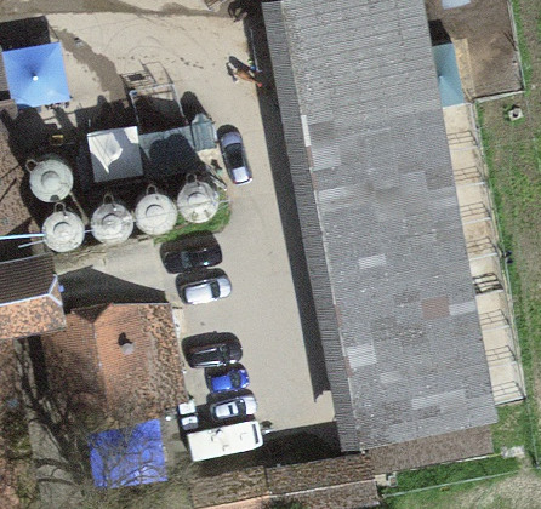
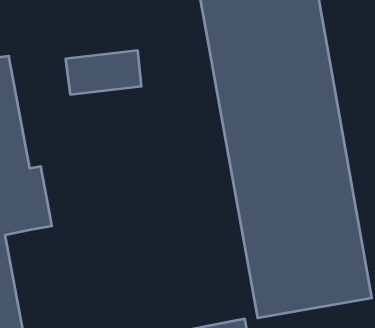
building: [42,298,176,424] -> none

